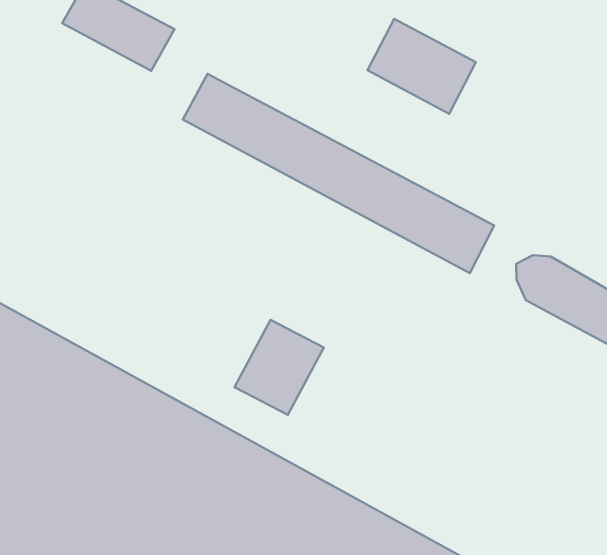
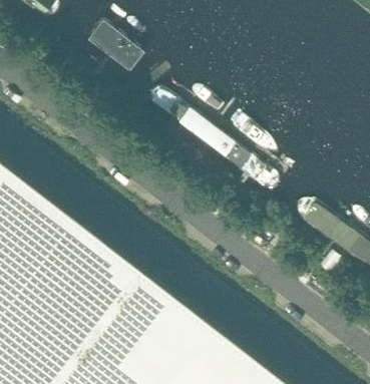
building: [368,19,476,114] -> none
building: [235,320,324,415] -> none

